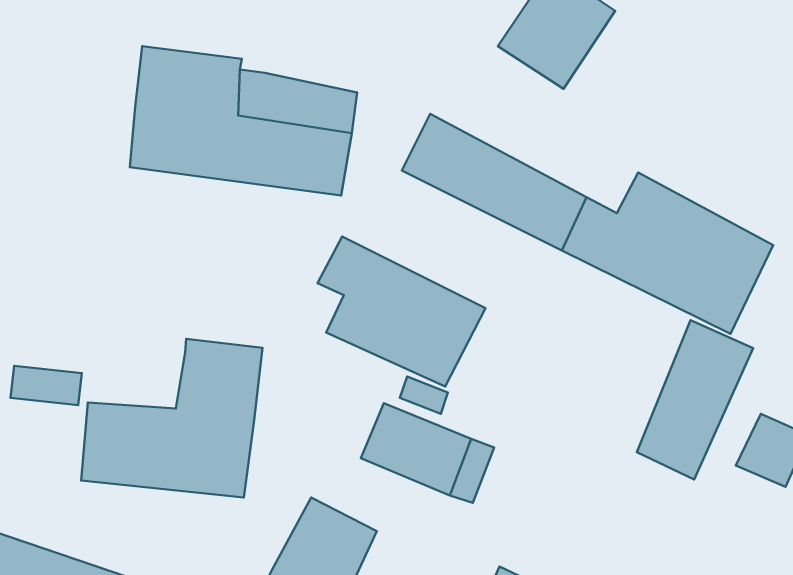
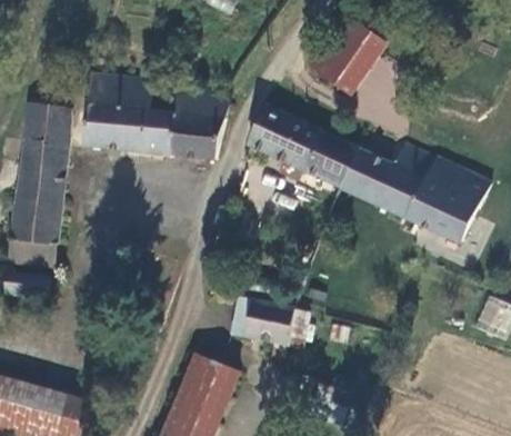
building: none -> [12,95,72,264]
building: [317,237,485,386] -> none
building: [637,320,753,479] -> none
building: [81,339,262,498] -> none

